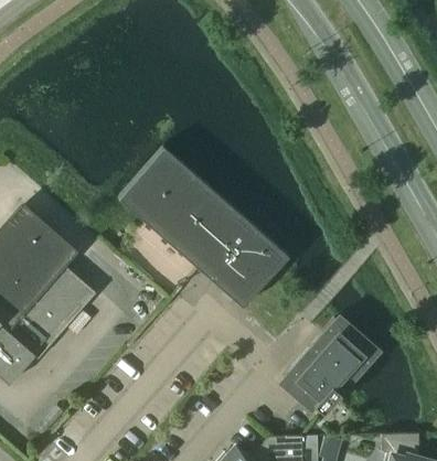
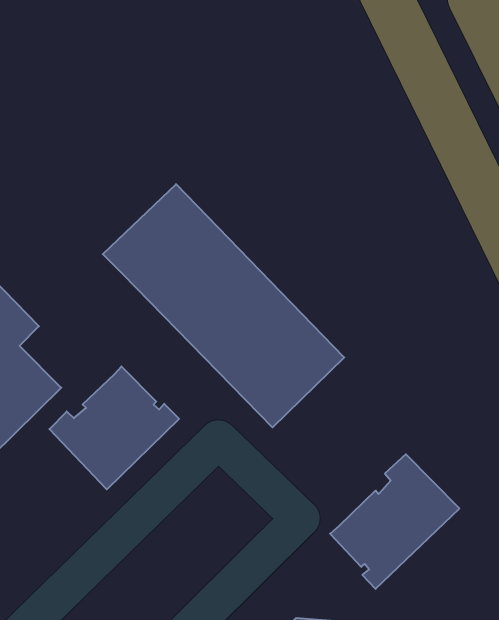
building: none -> [49,366,179,489]

